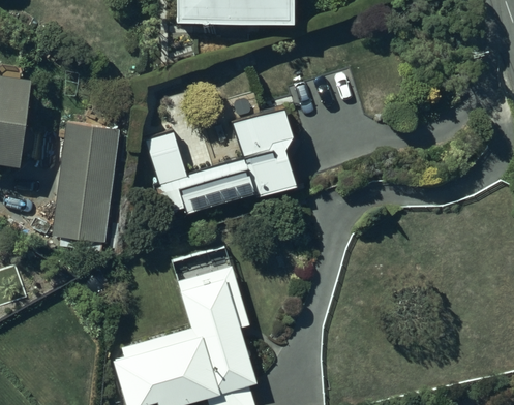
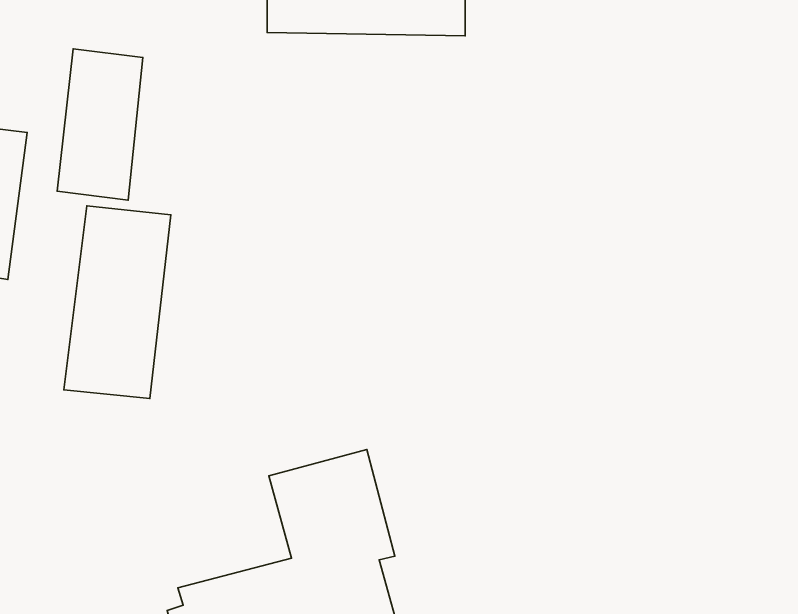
building: none -> [57,49,143,200]
building: [149,107,297,214] -> none

